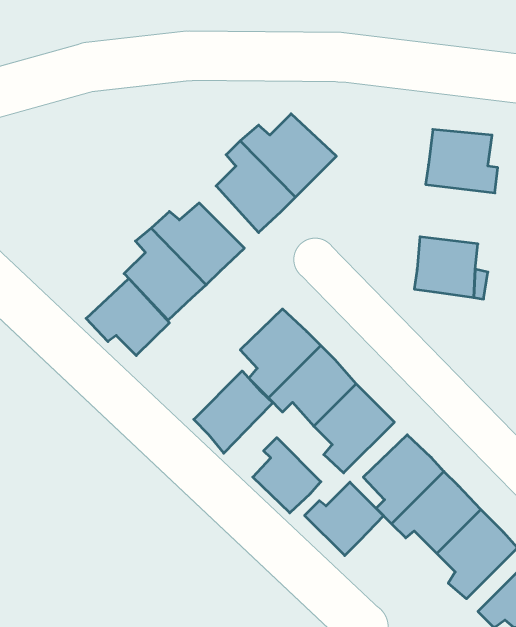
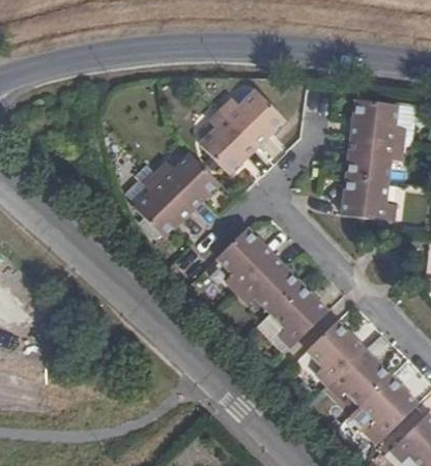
building: none -> [346,139,401,182]
building: [86,278,169,356] -> none
building: [194,371,273,453] -> none
building: [253,438,321,513] -> none
building: [305,482,384,556] -> none

